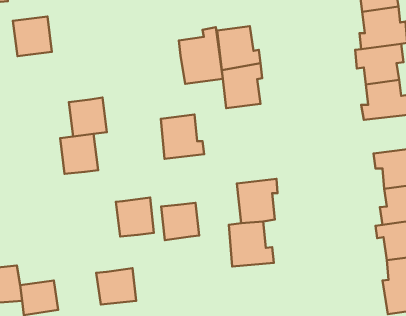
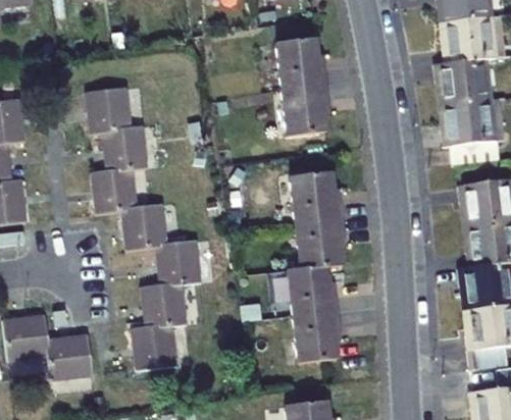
building: [13,16,52,56] -> [84,87,129,133]
building: [179,27,223,84] -> none
building: [161,114,204,159] -> [294,173,344,224]
building: none -> [122,207,166,249]
building: [161,203,199,240] -> [144,283,188,326]
building: none -> [293,316,342,366]

